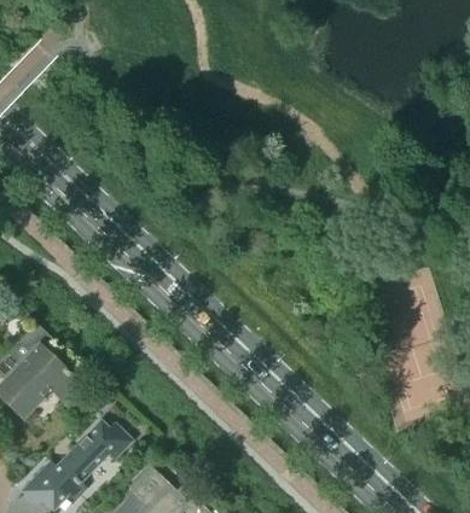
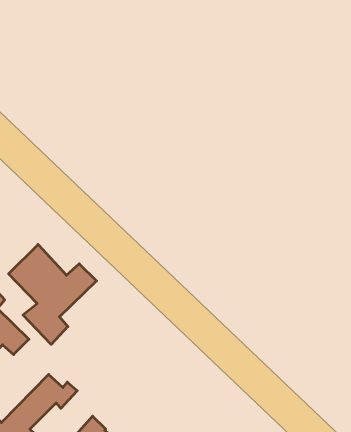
building: none -> [9,244,97,344]

